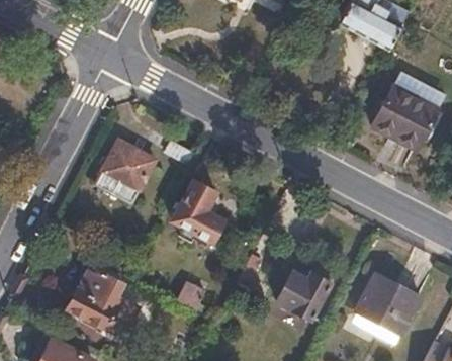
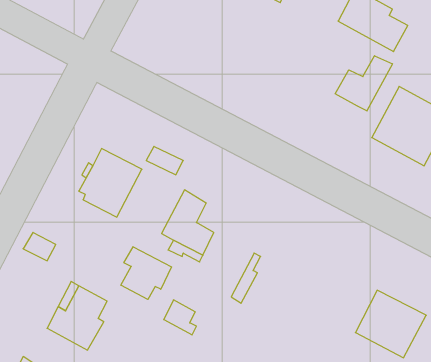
building: none -> [335,56,392,111]
building: none -> [121,247,171,299]
building: [274,268,329,327] -> none

